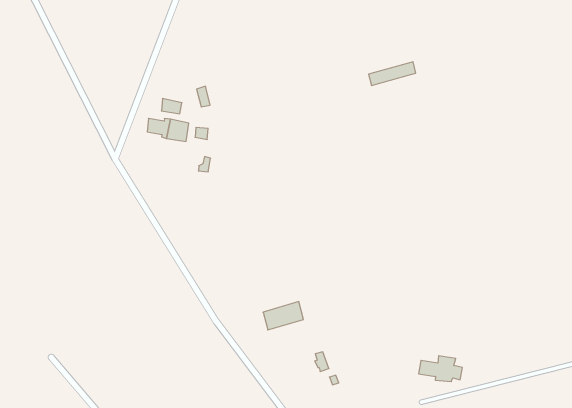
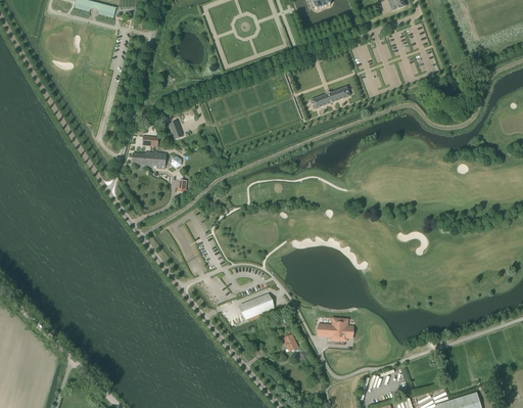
building: [419,356,462,382] -> [318,318,353,338]

